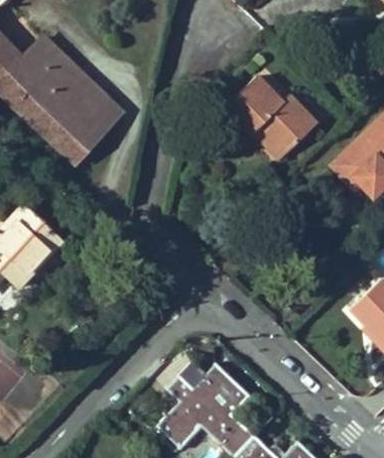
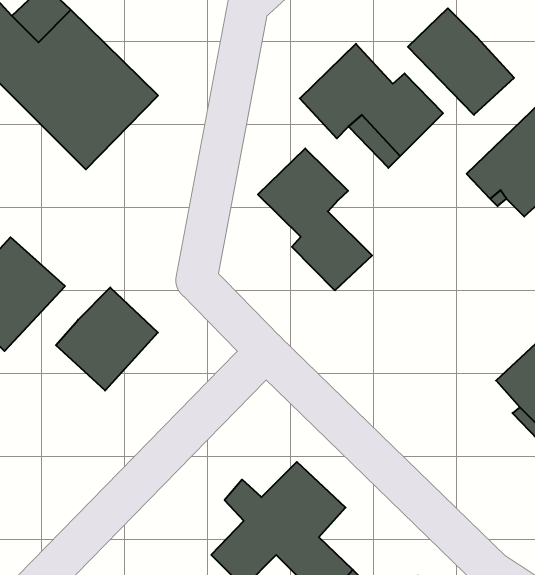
building: none -> [408,8,514,115]
building: none -> [258,148,372,290]
building: none -> [56,287,158,391]

